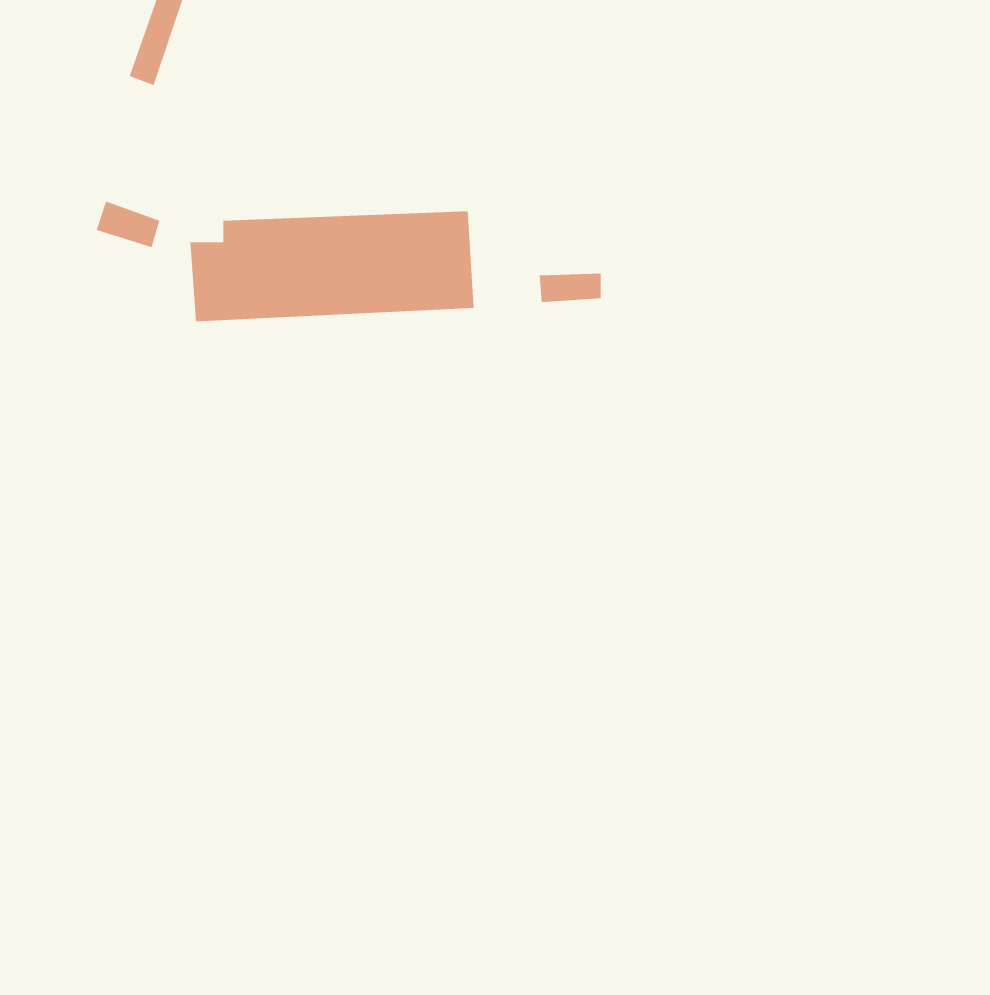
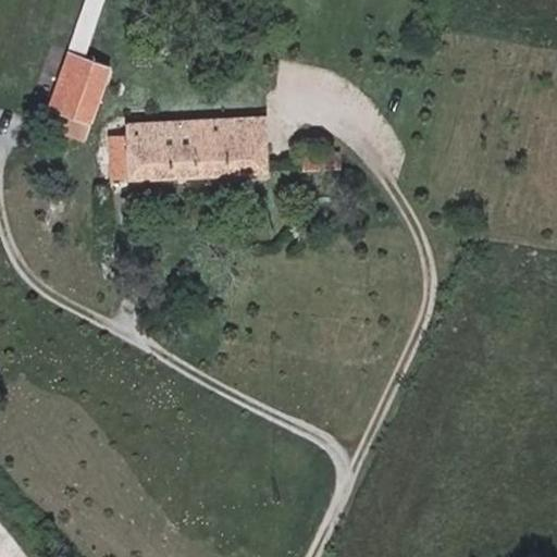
building: none -> [50,49,111,117]

